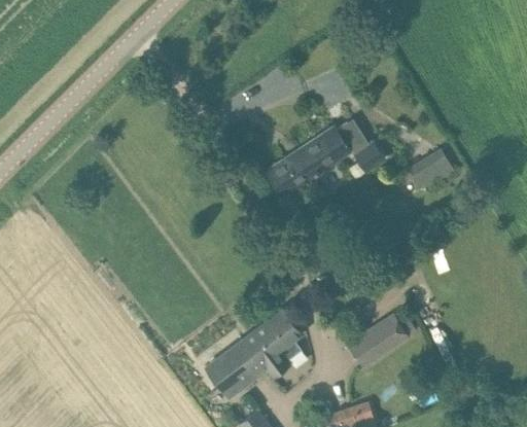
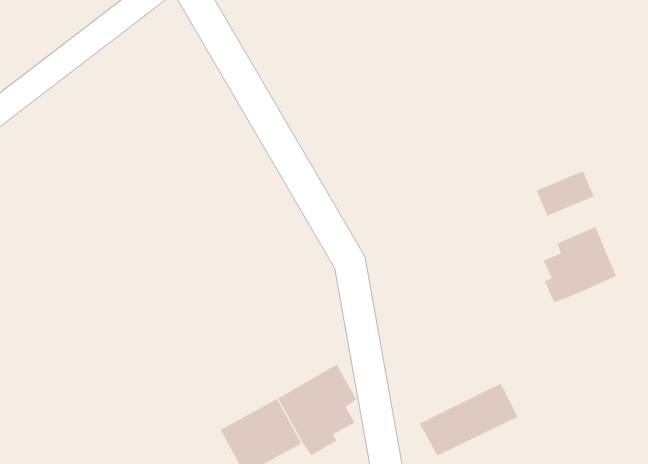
building: [266,120,384,195] -> none
building: none -> [543,226,617,303]

